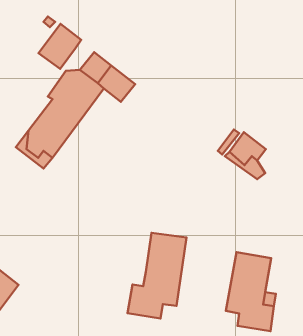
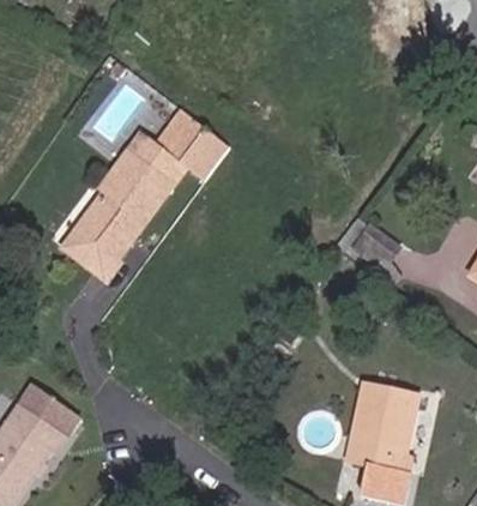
building: [38,24,81,69] -> none
building: [128,233,186,318] -> none

